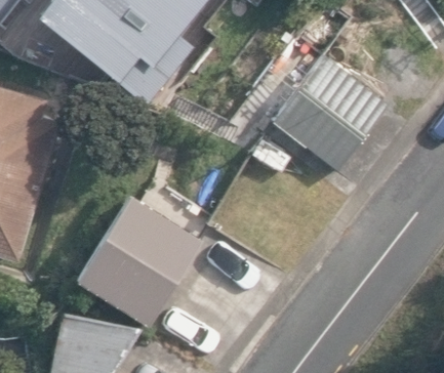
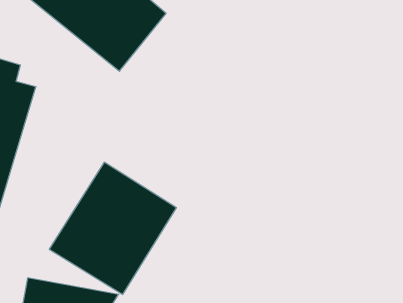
building: [272,53,390,172] -> none

